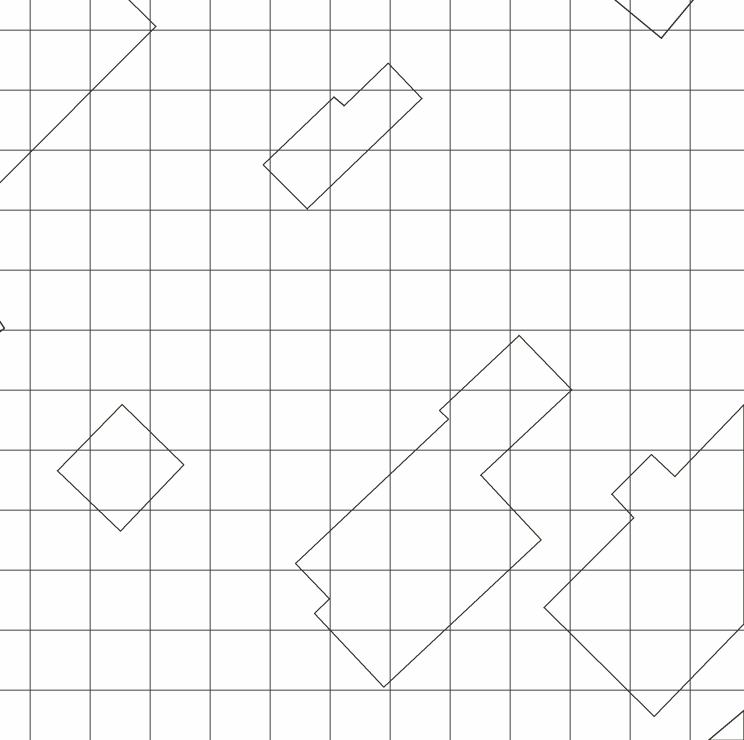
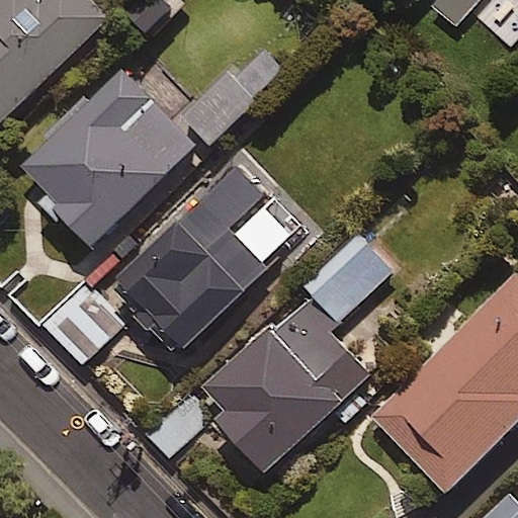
building: none -> [16,69,196,249]
building: none -> [110,164,269,357]

